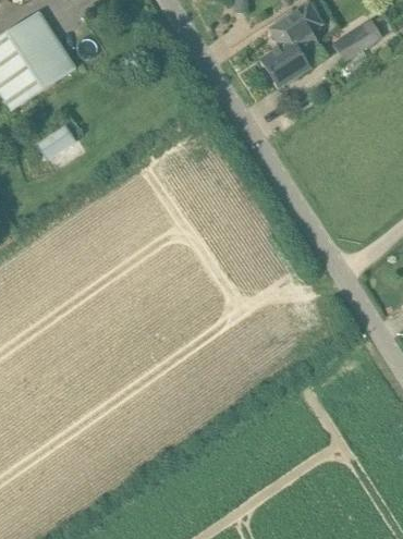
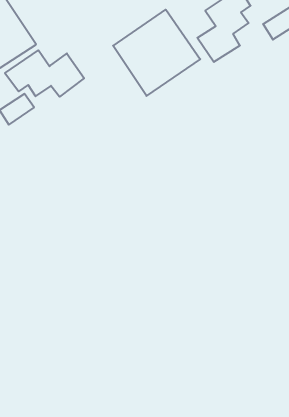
building: none -> [113,10,200,96]
building: none -> [5,50,84,97]

